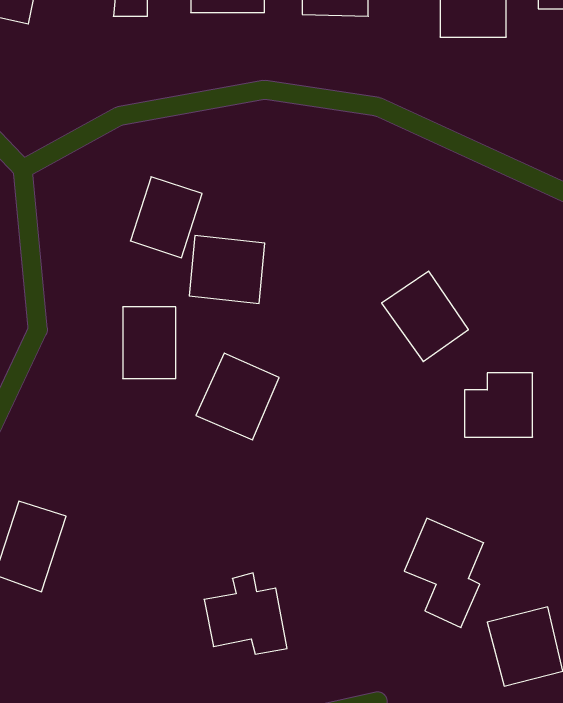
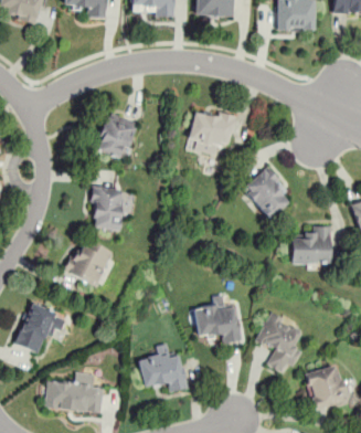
building: [189,236,265,303] -> [190,112,234,151]
building: [196,353,279,440] -> [65,236,114,287]
building: none -> [194,294,242,344]
building: none -> [45,371,105,413]

